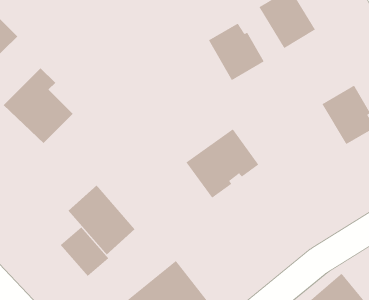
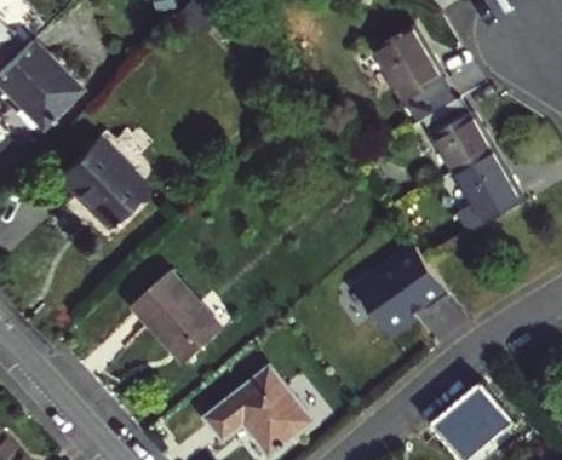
building: [208,23,264,81] -> [422,98,492,171]
building: [186,129,259,198] -> [351,246,443,333]
building: [60,226,109,277] -> none

